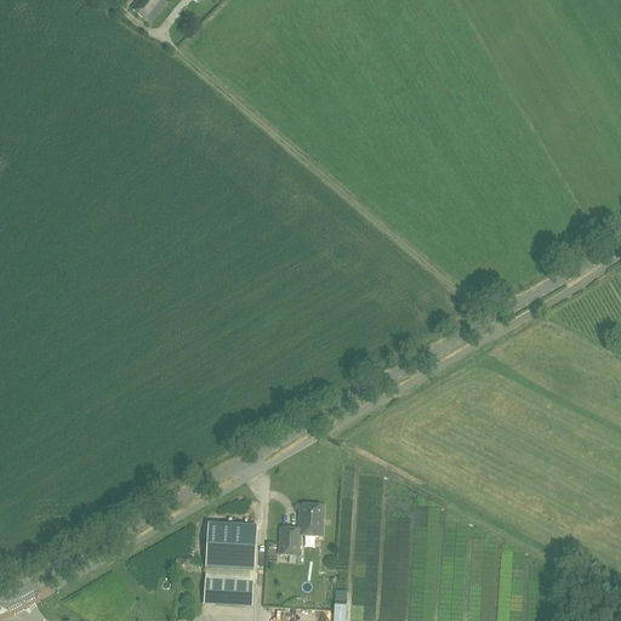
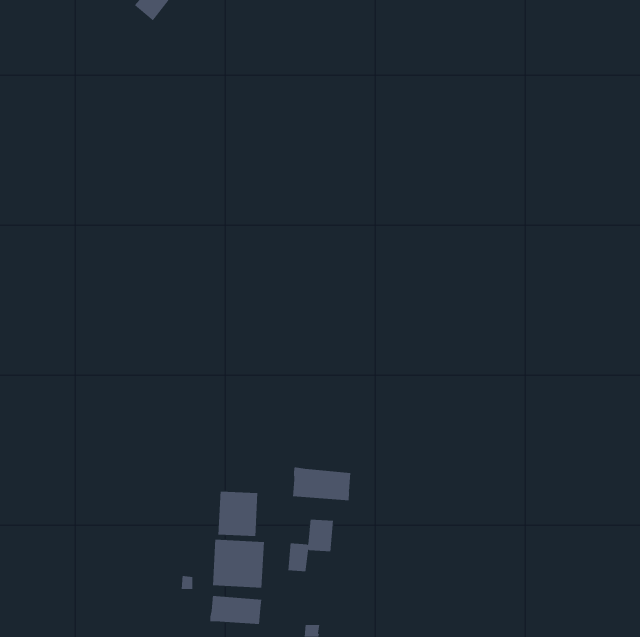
building: none -> [292,467,351,501]
building: none -> [218,491,258,537]

